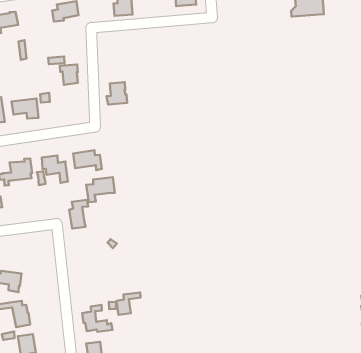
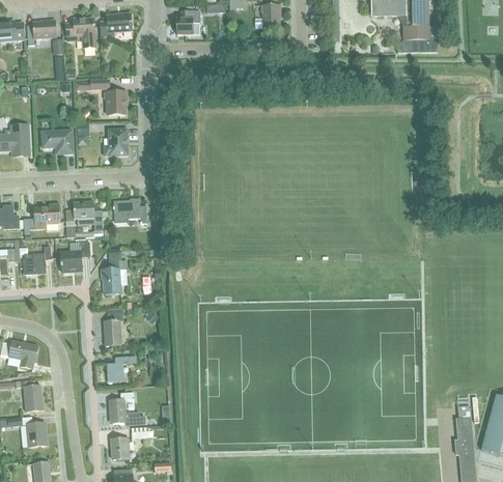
building: none -> [65,17,95,47]
building: [107,82,127,104] -> [103,129,128,154]
building: [86,177,115,202] -> none
building: none -> [59,240,89,272]
building: none -> [23,245,50,274]
building: none -> [103,307,122,344]
building: [117,292,141,315] -> [106,355,136,380]

